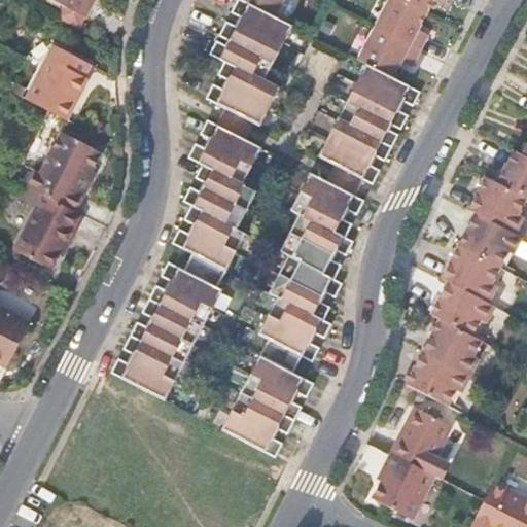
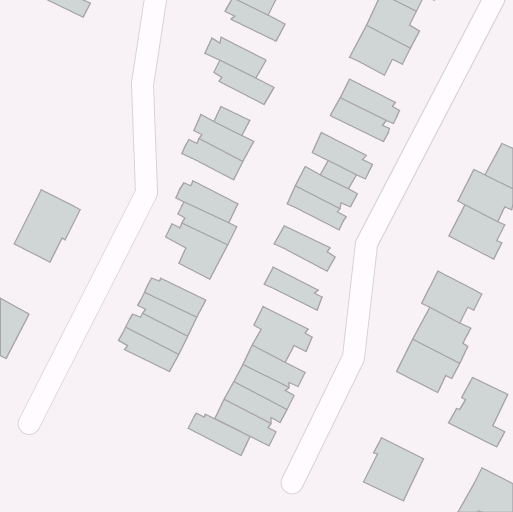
building: [219,20,283,62] -> none
building: [27,46,90,120] -> none
building: [358,63,421,105] -> none
building: [207,83,272,127] -> none
building: [329,118,393,160] -> none
building: [27,132,101,211] -> none
building: [192,164,254,209] -> none
building: [291,212,355,254] -> none
building: [443,242,506,296] -> none
building: [280,254,343,297] -> none
building: [160,260,220,308] -> none
building: [270,295,332,338] -> none
building: [110,357,174,400] -> [188,413,250,455]
building: [391,402,452,473] -> [448,378,508,447]

